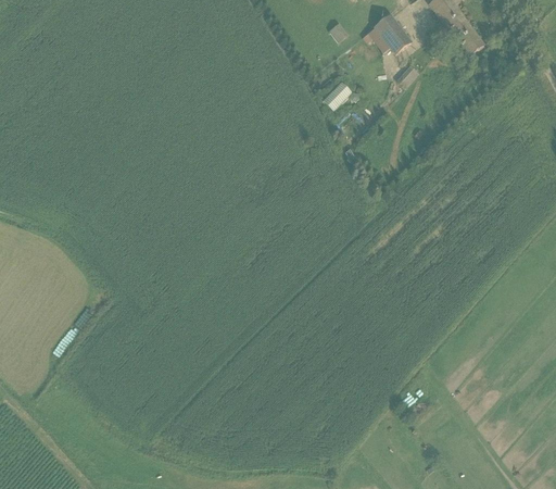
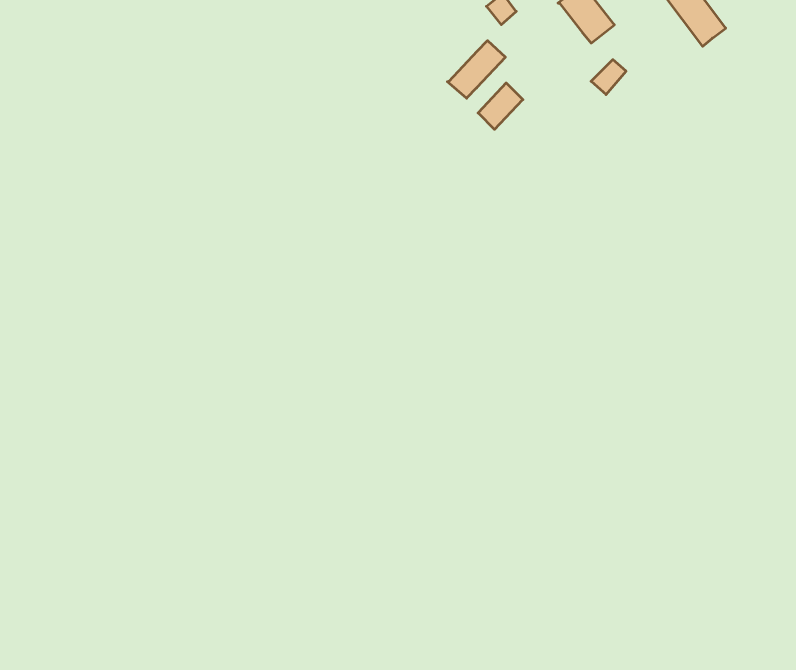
building: none -> [447,41,505,98]

